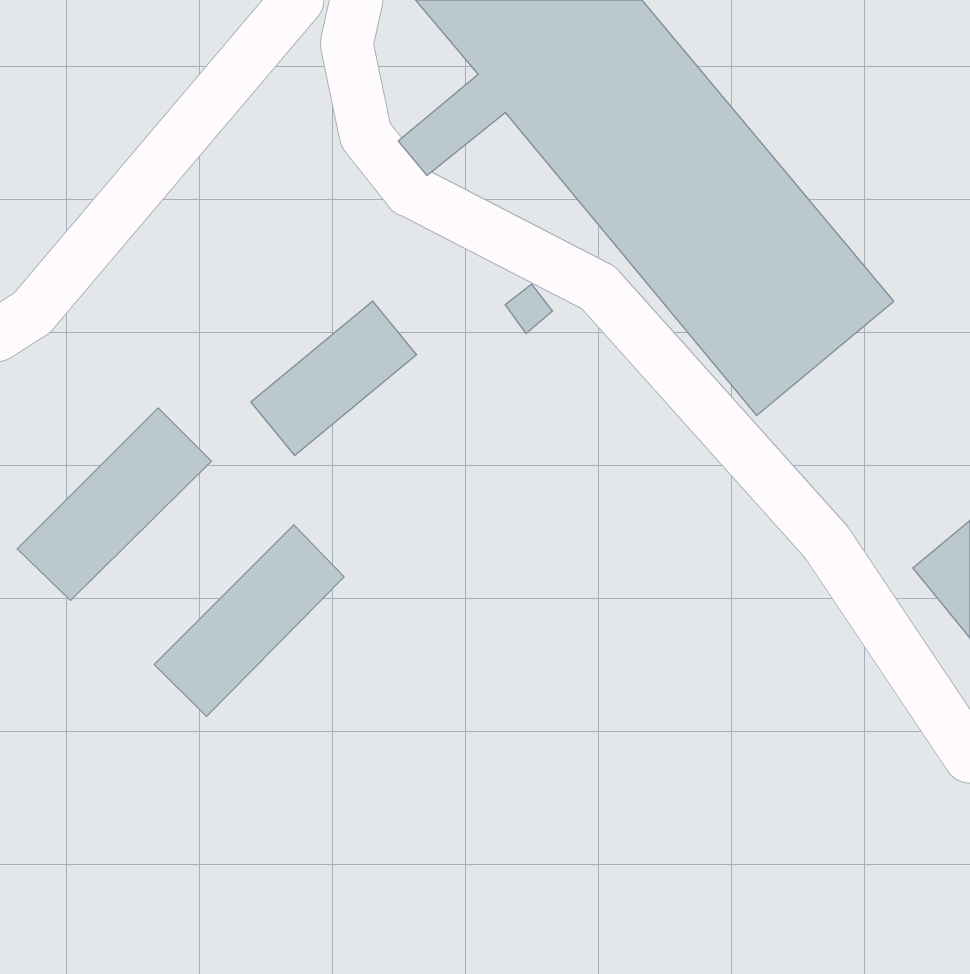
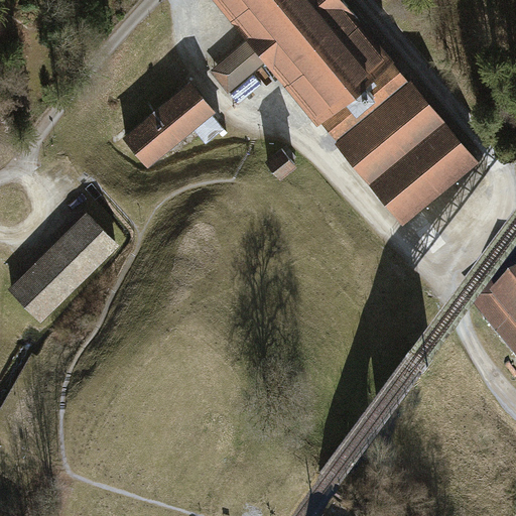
building: [251,301,417,455] -> [125,86,213,167]
building: [154,525,344,717] -> none

